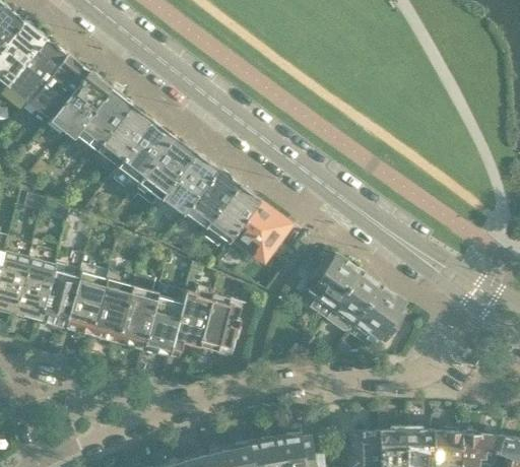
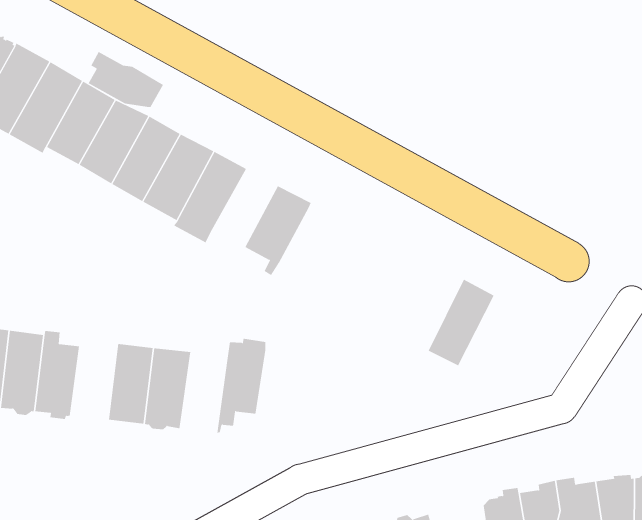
building: none -> [88,51,164,108]
building: [185,170,238,226] -> none
building: [231,204,287,260] -> none
building: [300,256,361,320] -> none
building: [64,273,106,336] -> none
building: [347,287,405,352] -> none
building: [197,295,242,352] -> none
building: [141,297,182,355] -> none

